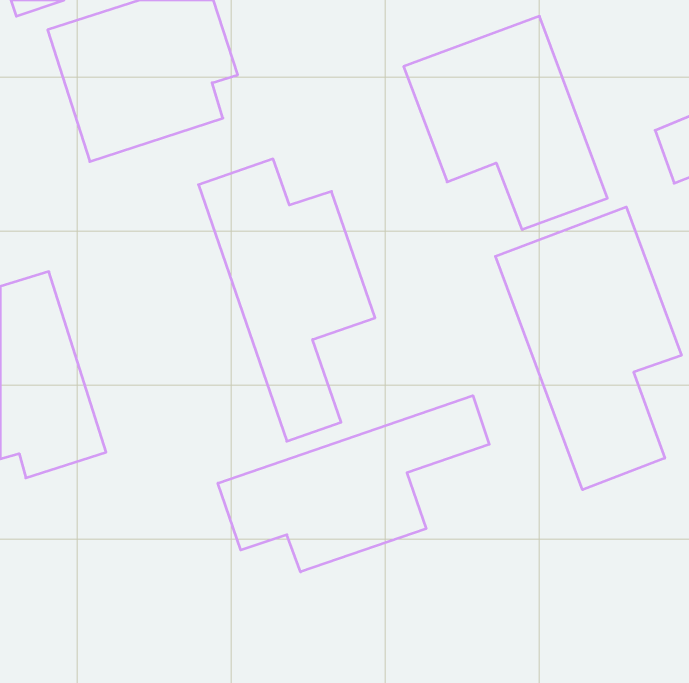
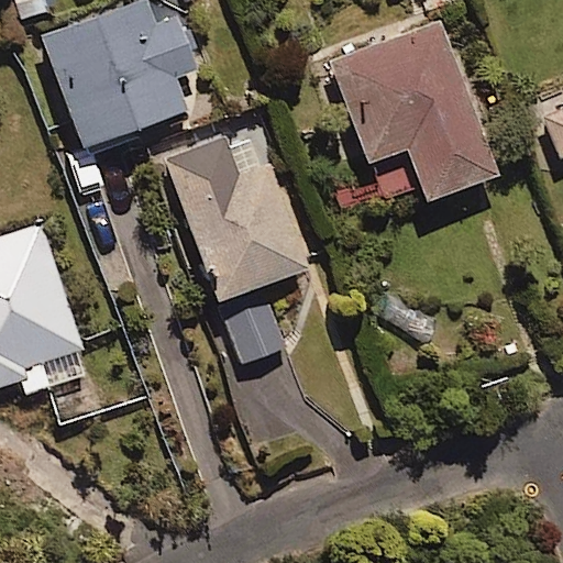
building: [495,207,681,490] -> none
building: [218,396,489,572] -> none

